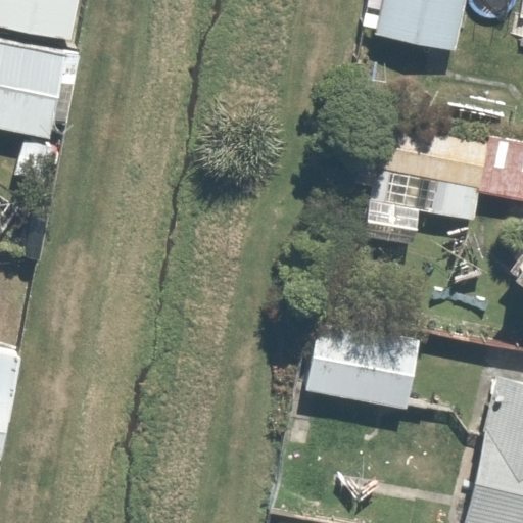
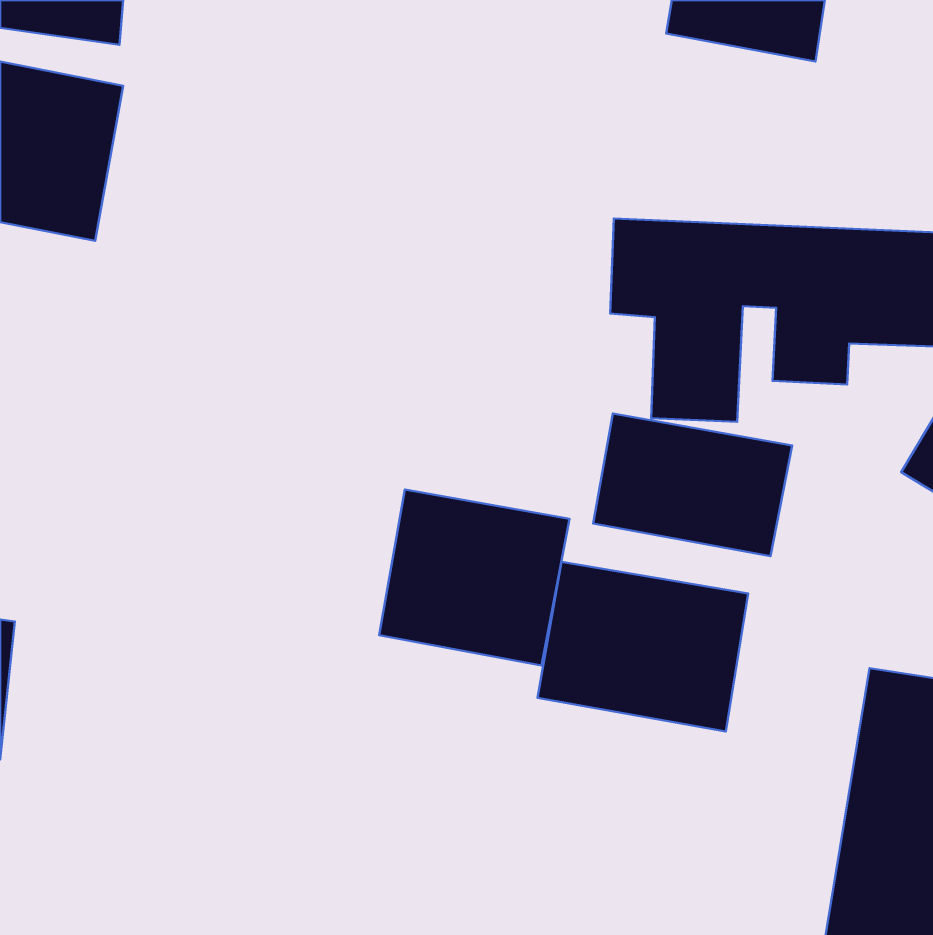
building: none -> [593,413,792,556]
building: none -> [379,490,569,666]

